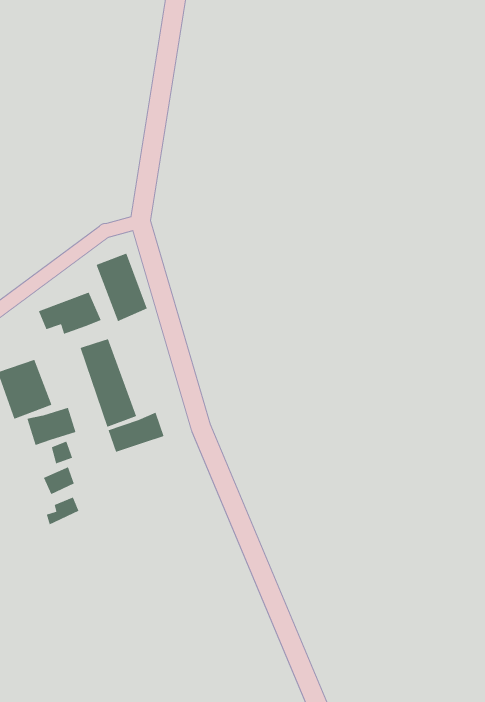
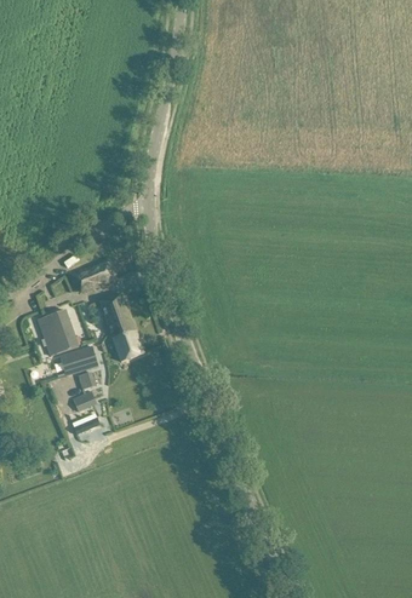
building: [95,253,148,322] -> none
building: [108,412,164,453] -> none

